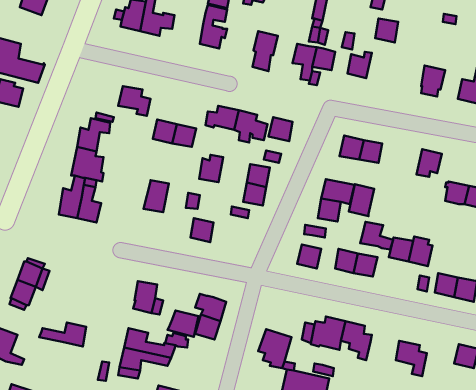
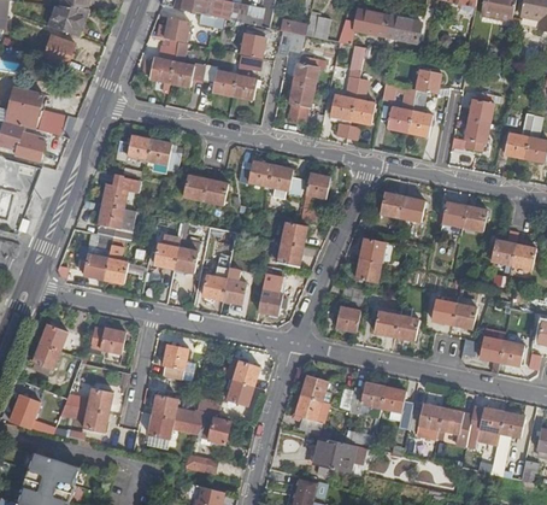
building: none -> [290,55,325,87]
building: none -> [202,65,235,95]
building: none -> [406,89,431,136]
building: none -> [467,92,493,123]
building: none -> [113,135,151,160]
building: [199,155,223,182] -> [201,270,227,299]
building: none -> [152,235,180,269]
building: [349,184,374,216] -> [439,201,465,235]
building: [360,222,393,249] -> none
building: none -> [257,289,286,315]
building: none -> [88,328,124,364]
building: none -> [301,375,330,404]
building: [168,310,199,337] -> [196,416,229,444]
building: none -> [407,401,441,439]
building: none -> [466,407,504,444]
building: none -> [69,409,108,442]

